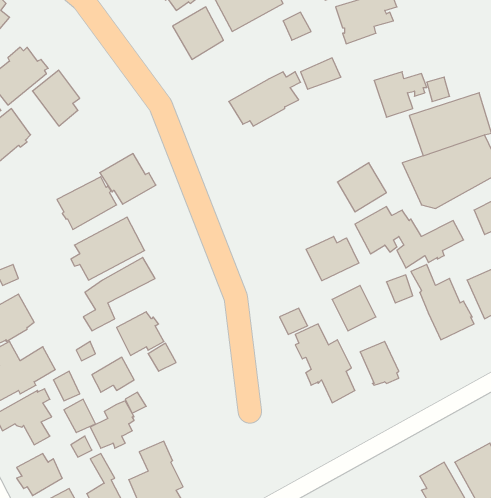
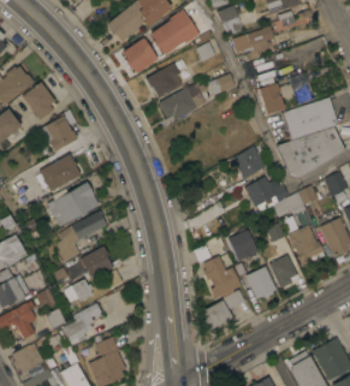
building: none -> [144,63,182,96]
building: [100,154,156,204] -> [40,117,78,152]
building: [306,236,359,281] -> none
building: none -> [269,255,299,289]
building: none -> [200,301,232,331]

